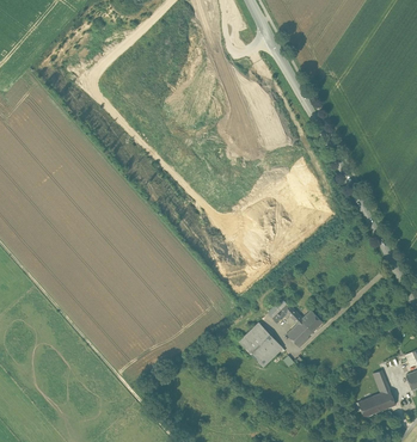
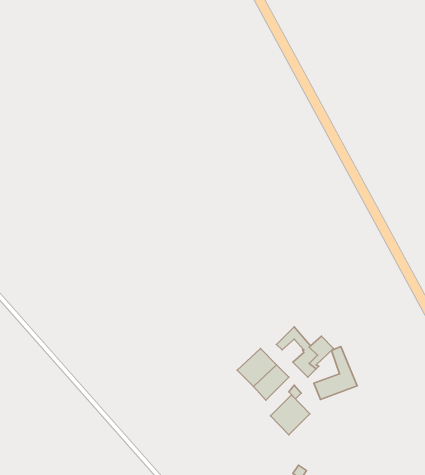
building: none -> [271,395,310,435]
building: [356,369,394,416] -> [314,347,357,399]

